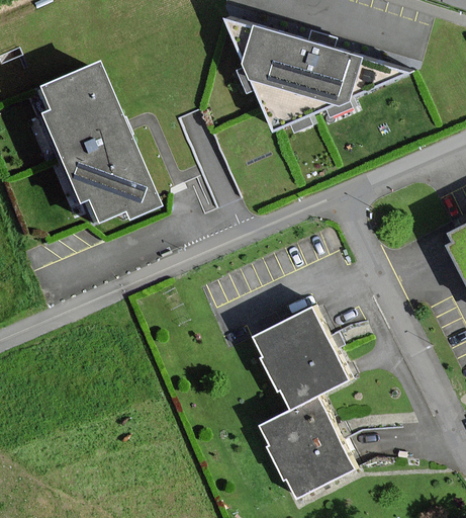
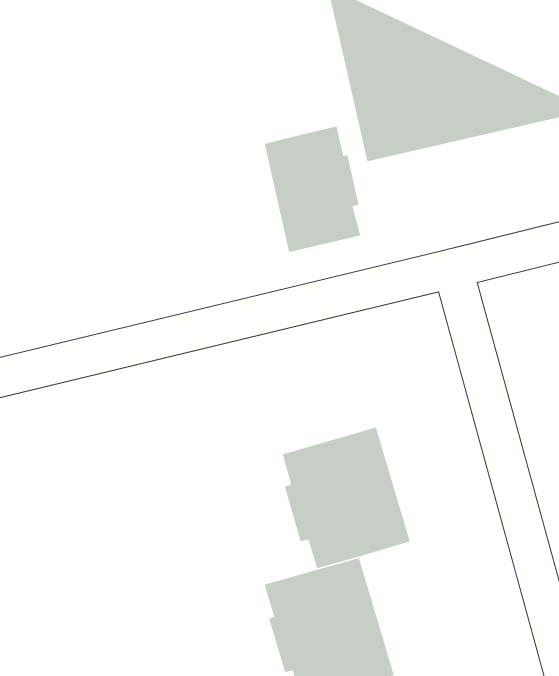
building: [31,69,149,227] -> none
building: none -> [264,125,361,253]

